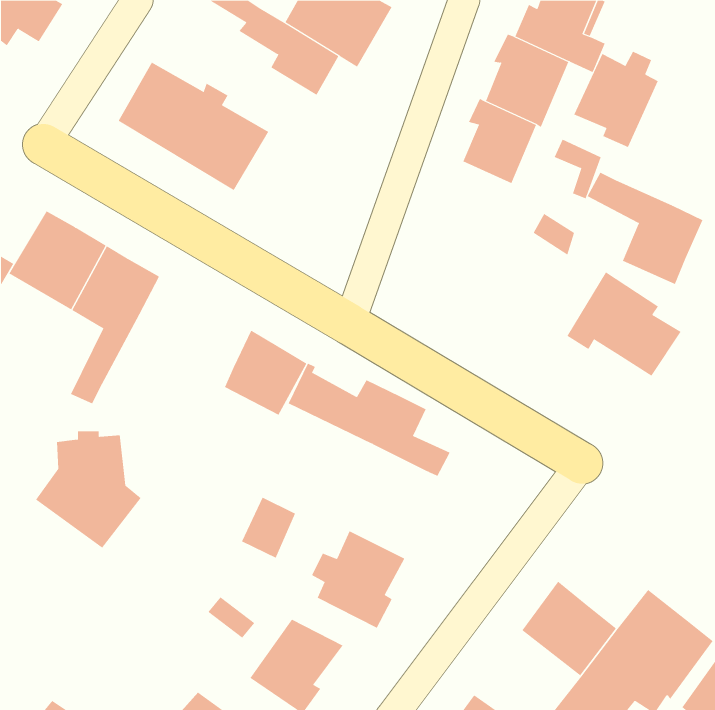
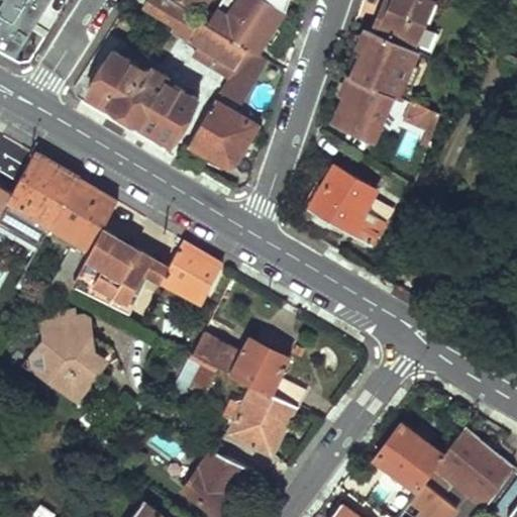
building: [574,51,659,148] -> none
building: none -> [218,45,264,104]
building: none -> [188,102,254,172]
building: [587,172,703,285] -> none
building: [566,271,681,377] -> [305,167,388,242]
building: none -> [75,231,169,310]
building: [288,363,450,476] -> [192,328,309,410]

